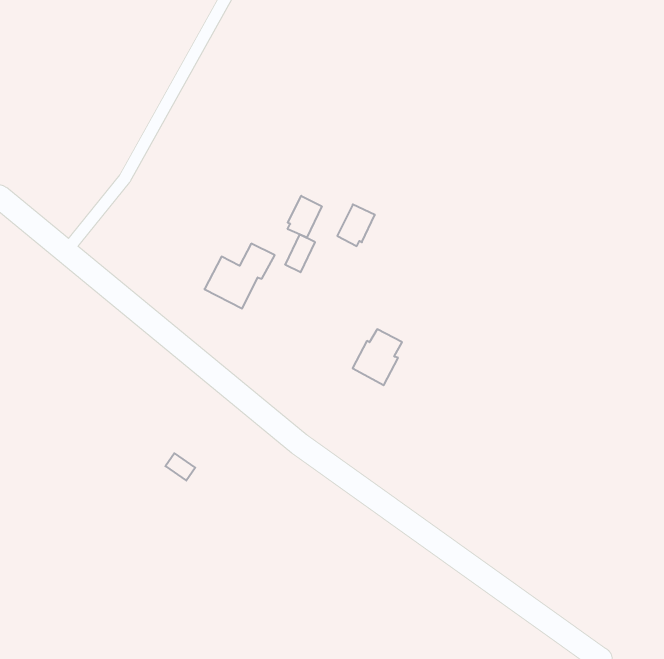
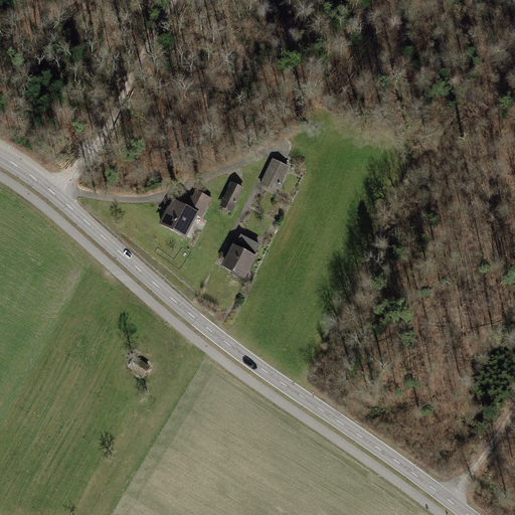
building: [288,196,322,238] -> none
building: [353,329,402,385] -> [222,234,261,278]

